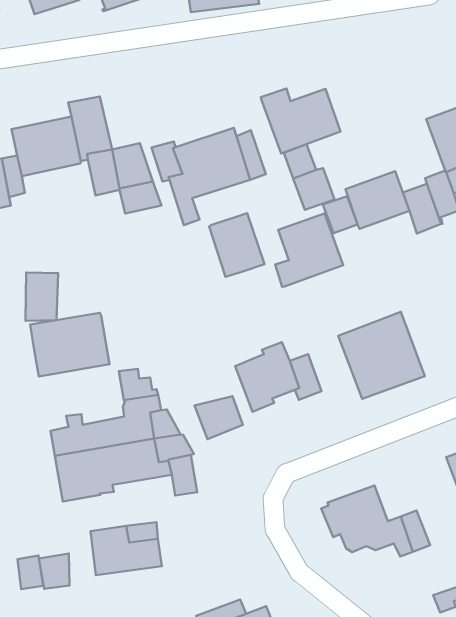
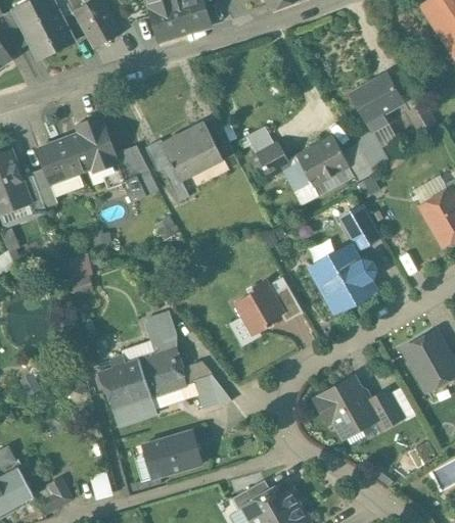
building: [261,89,341,154] -> none
building: [209,213,264,277] -> none
building: [275,214,343,287] -> none
building: none -> [339,201,384,250]
building: [30,313,110,377] -> none
building: [195,396,243,439] -> none
building: [39,554,70,589] -> none

